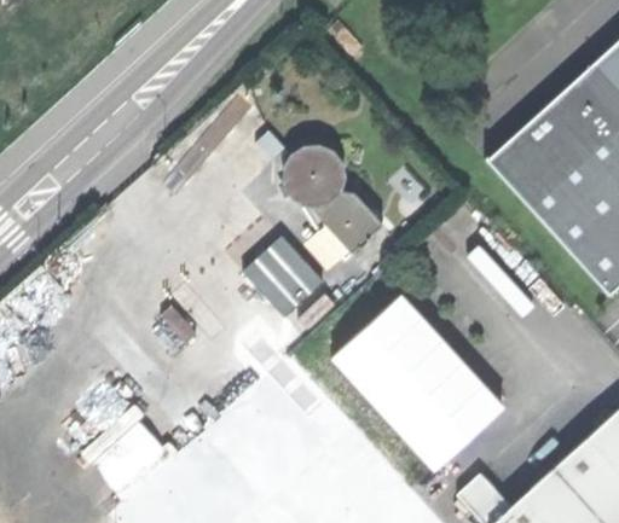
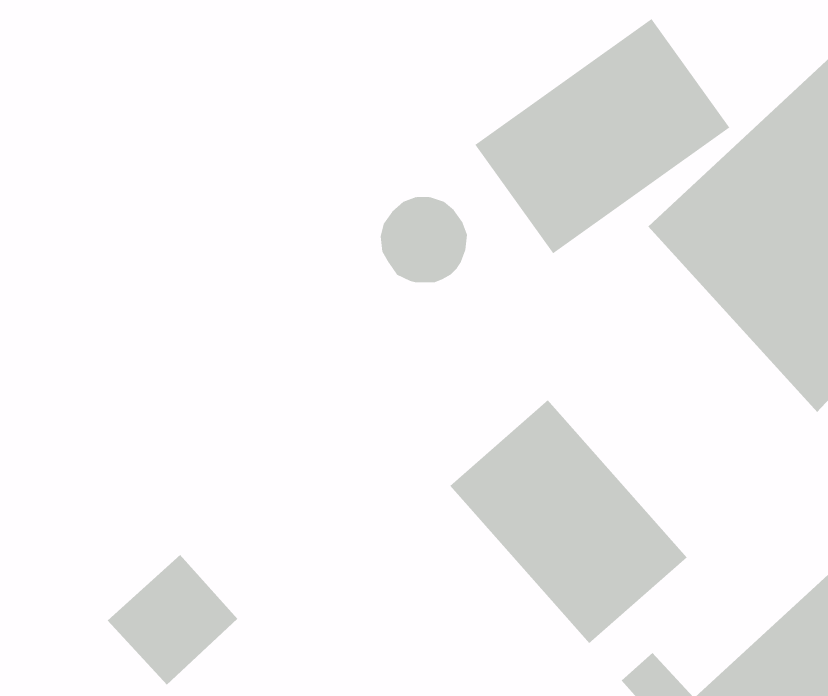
building: none -> [475,18,730,254]
building: [302,193,382,258] -> none
building: [245,238,325,318] -> none

